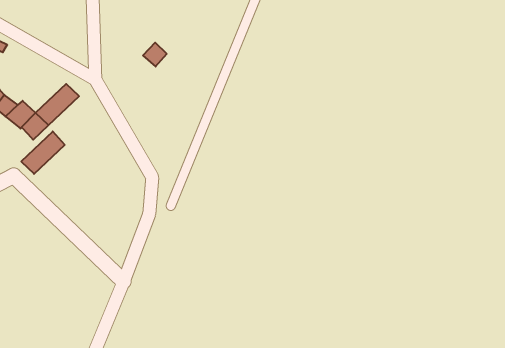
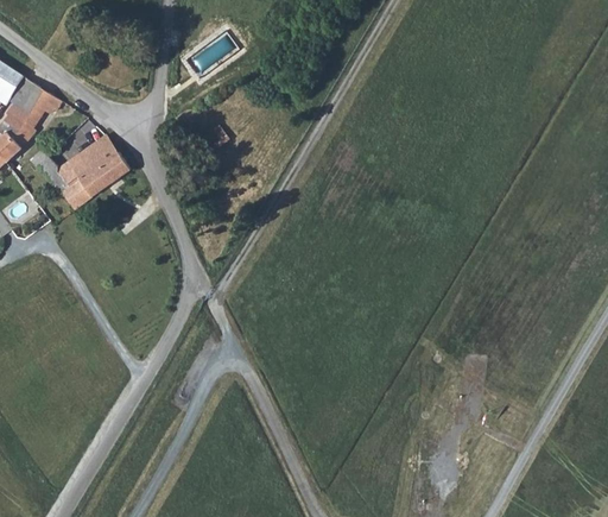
building: [21,131,65,174] -> [66,137,116,179]

